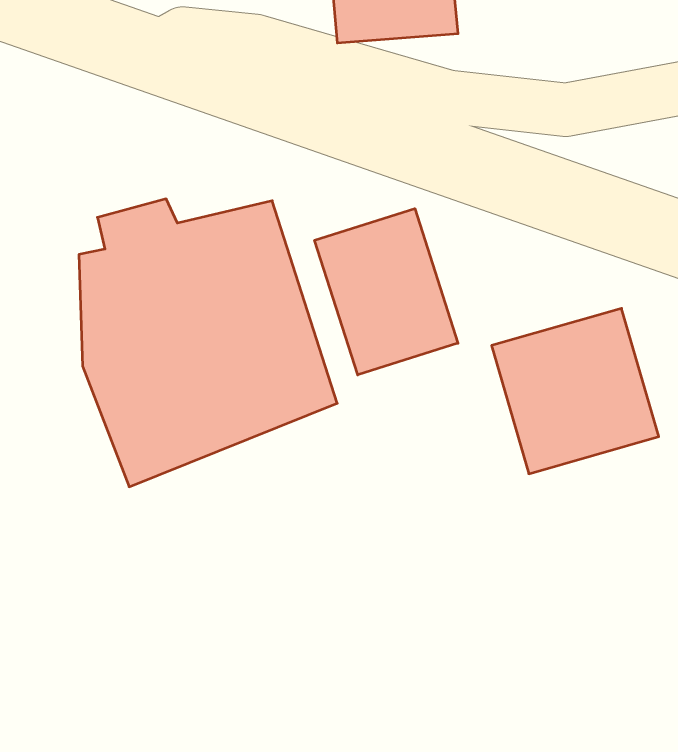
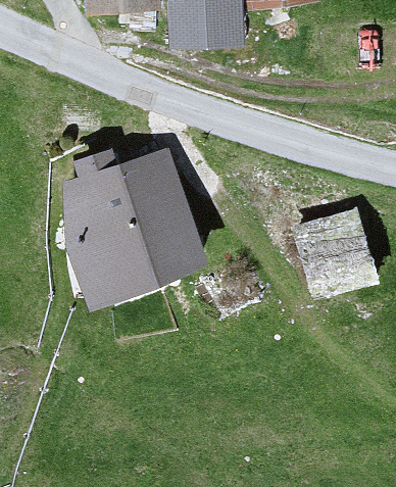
building: [315,209,458,375] -> none

